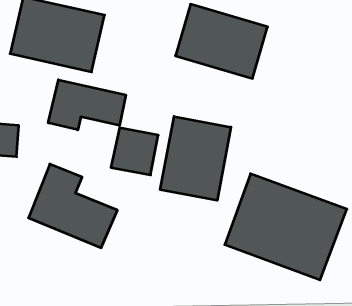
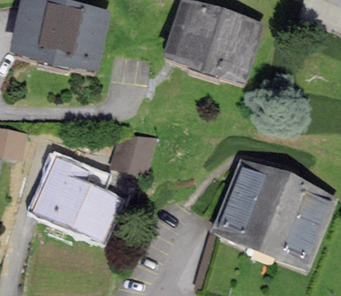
building: [48,80,126,130] -> none
building: [160,116,231,200] -> none

